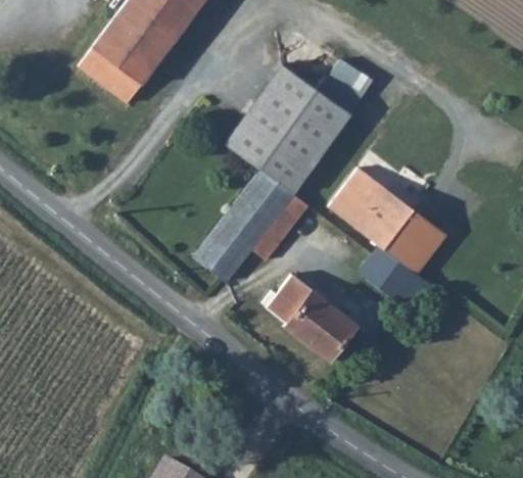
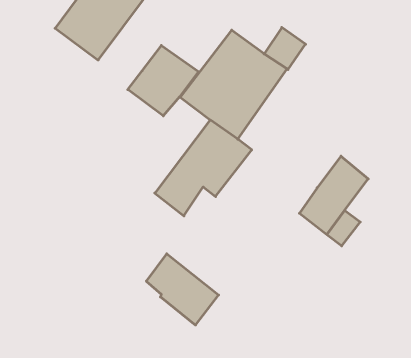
building: none -> [128,45,199,116]
building: [328,169,413,248] -> none
building: [271,275,354,357] -> [146,254,219,325]

